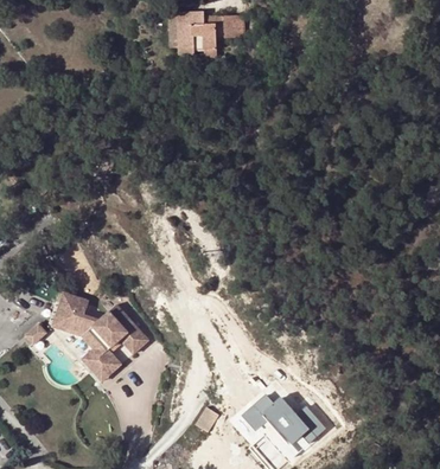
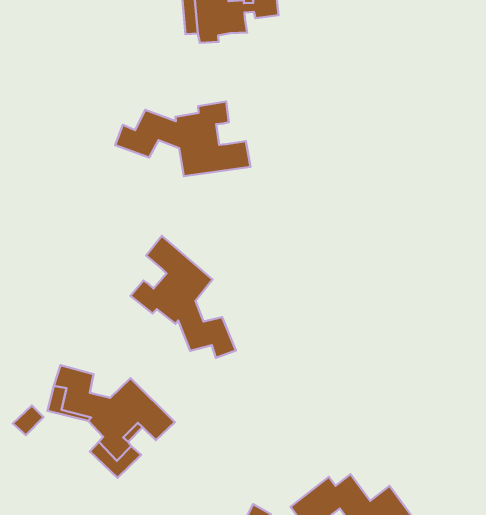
building: none -> [115,102,251,176]
building: none -> [131,236,236,358]

